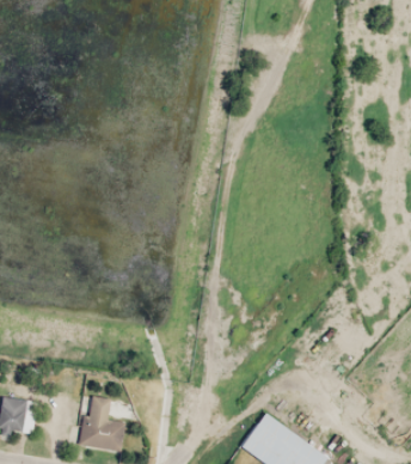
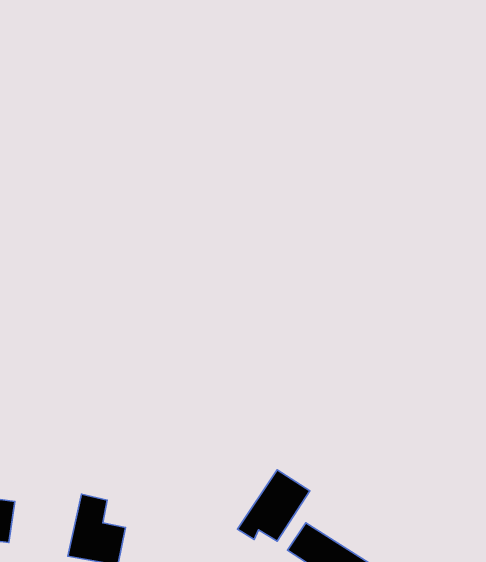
building: none -> [238,470,310,541]

